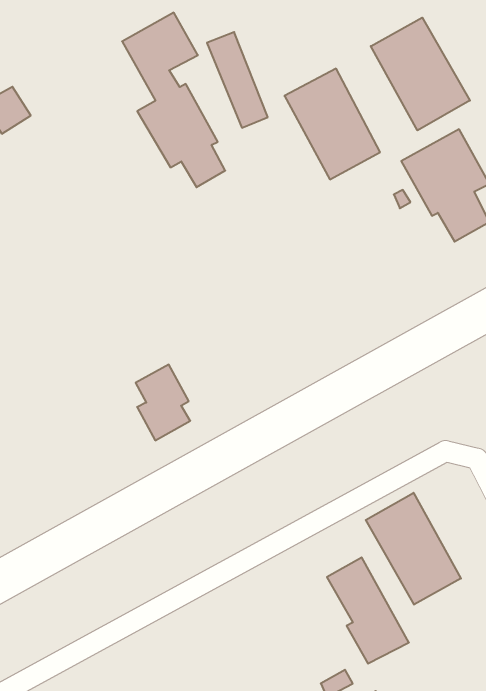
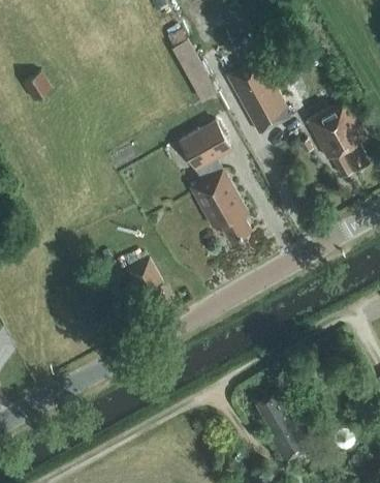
building: [122,13,225,187] -> [179,121,249,240]
building: [371,18,470,130] -> none
building: [366,493,461,605] -> none

